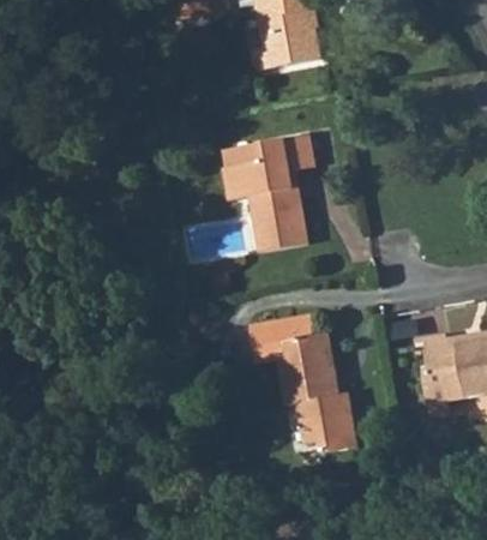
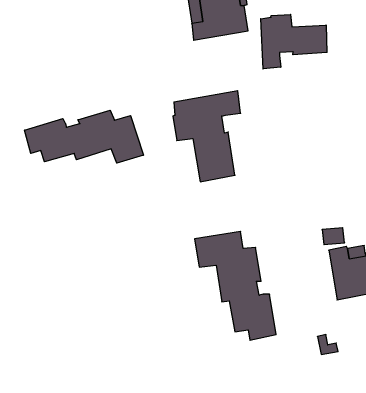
building: none -> [261,14,327,69]
building: none -> [25,110,143,163]

